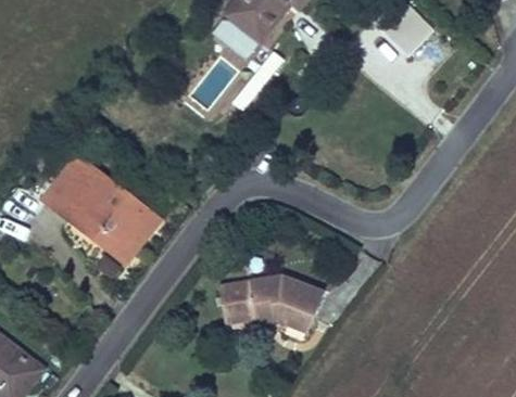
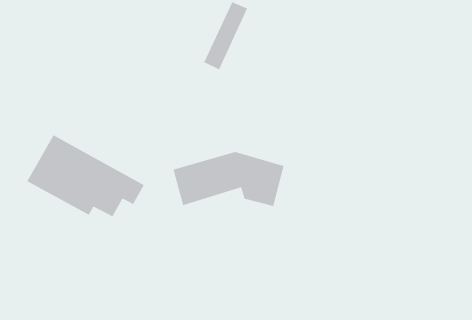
building: [222,278,331,336] -> [173,151,285,207]

